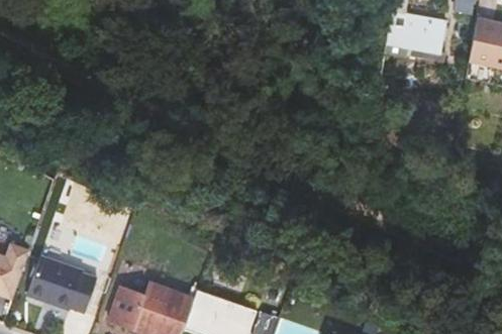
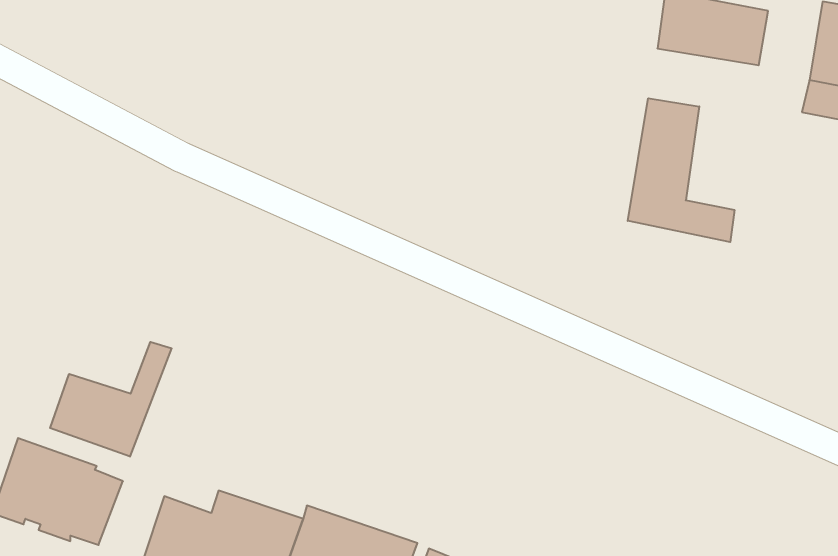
building: none -> [628,98,734,242]
building: none -> [50,342,172,457]

